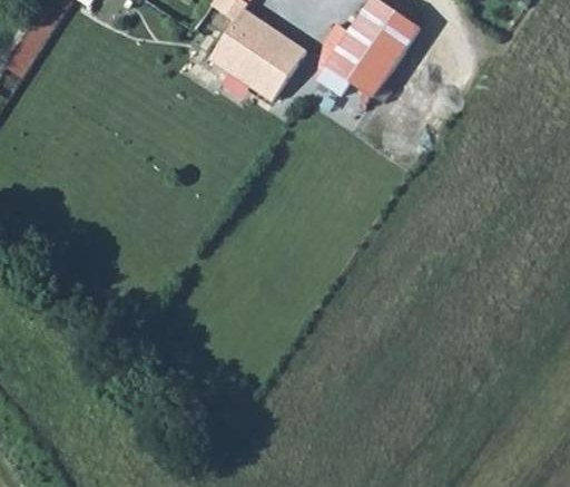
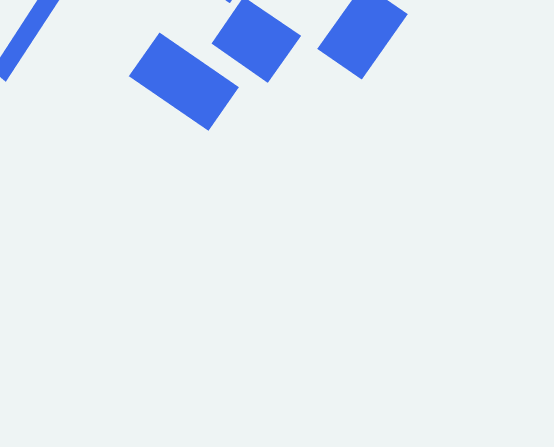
building: none -> [128,32,240,132]

